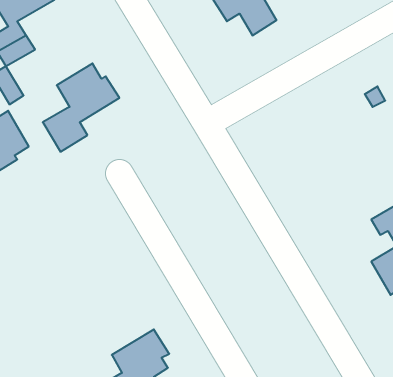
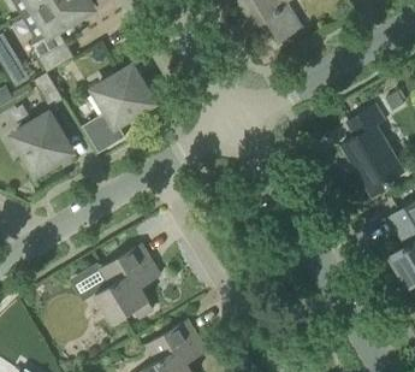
building: none -> [342,105,404,196]
building: none -> [96,243,155,320]

